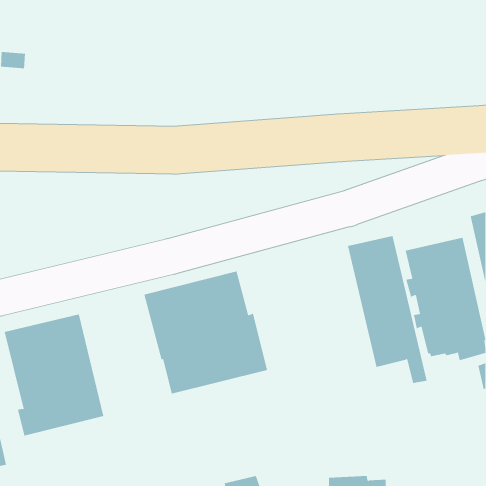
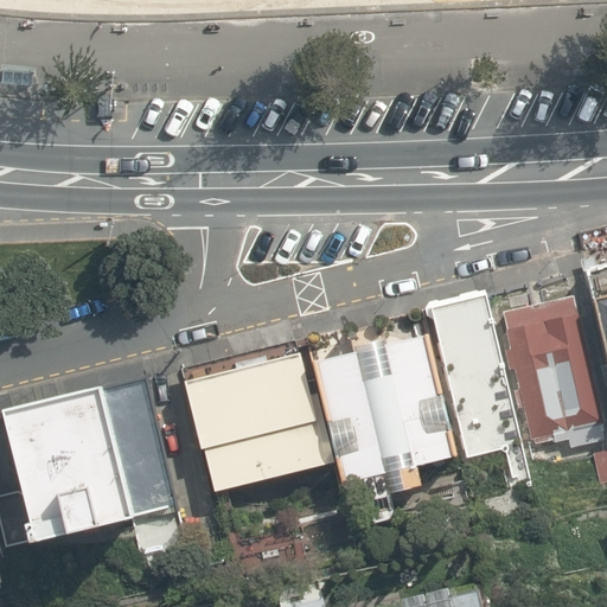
building: none -> [309,324,454,524]
building: none -> [98,381,175,519]

